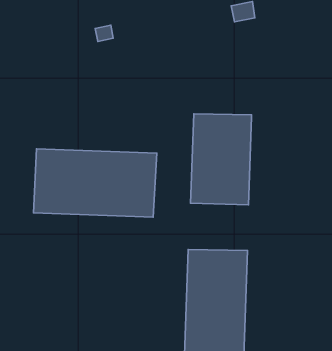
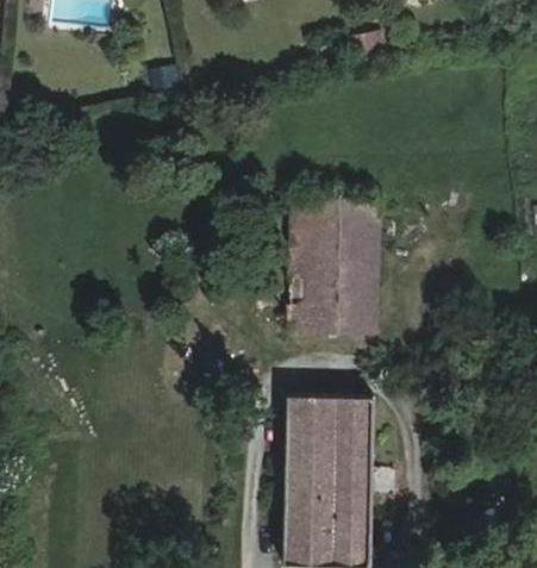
building: [34,149,157,217] -> none

